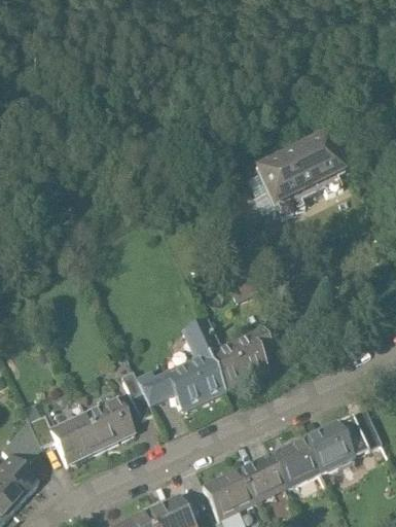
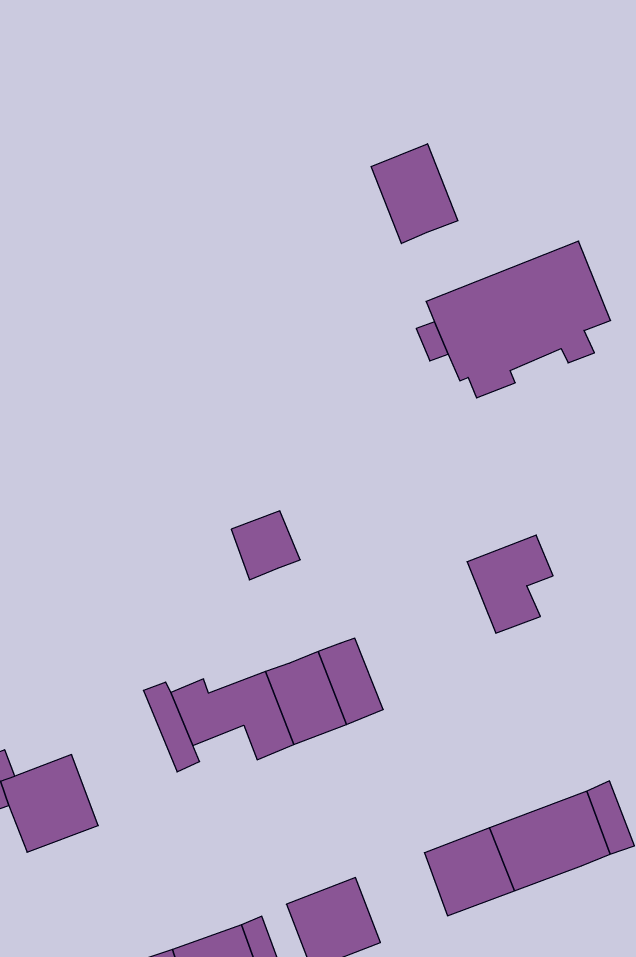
building: none -> [371,144,458,244]
building: [184,321,221,358] -> [231,511,300,580]
building: [228,326,274,379] -> [467,535,553,633]
building: [85,398,135,450] -> none
building: [238,452,287,500] -> none

